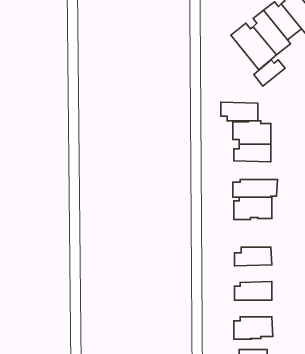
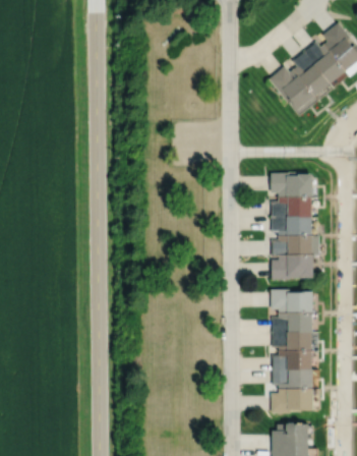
building: [254,60,285,86] -> none
building: [221,102,258,121] -> [272,217,312,237]
building: none -> [271,290,312,311]
building: none -> [273,331,313,350]
building: none -> [273,369,313,388]

